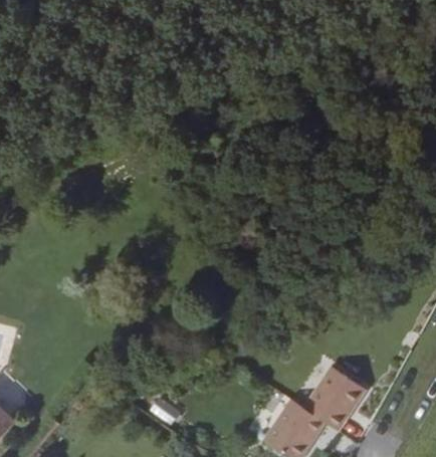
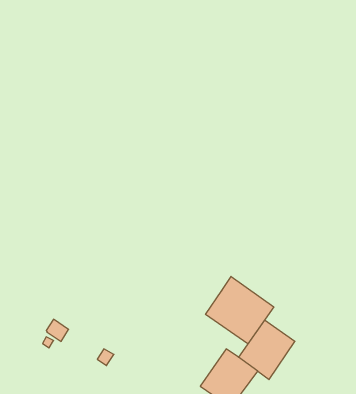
building: none -> [206,276,274,344]

